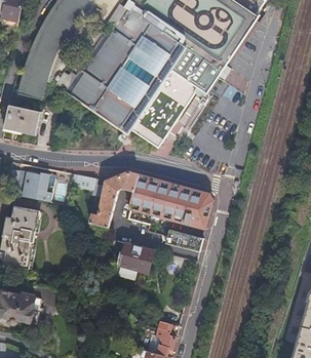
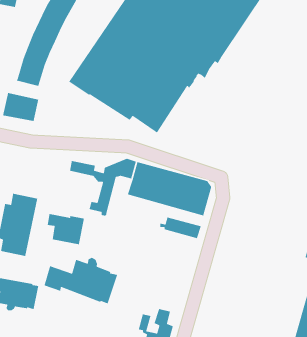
building: [18,169,56,201] -> [47,213,85,245]
building: [120,242,154,272] -> none
building: none -> [43,257,118,304]

